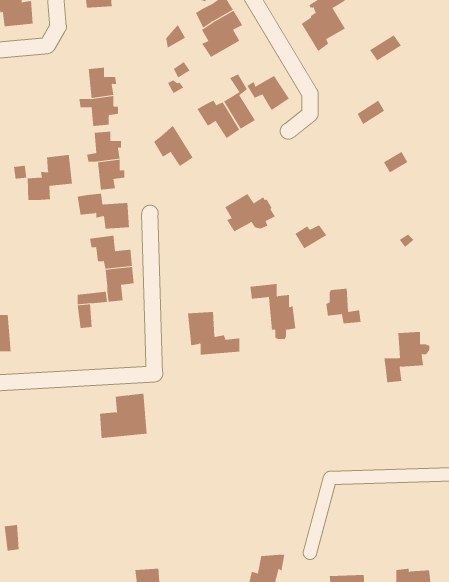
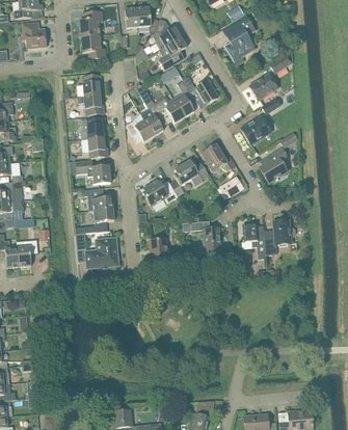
building: none -> [81,34,106,59]
building: none -> [248,73,277,100]
building: none -> [139,103,163,135]
building: none -> [241,114,268,143]
building: [27,154,72,201] -> none
building: none -> [202,143,231,169]
building: none -> [259,147,288,182]
building: none -> [144,179,178,205]
building: [383,331,430,383] -> [264,219,295,253]
building: [99,393,147,438] -> [85,237,117,267]

